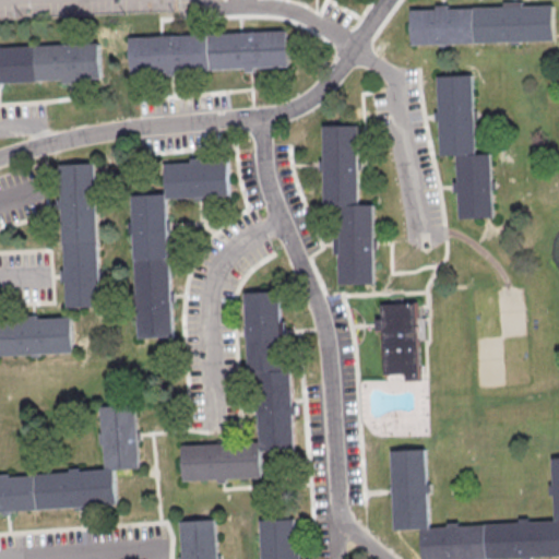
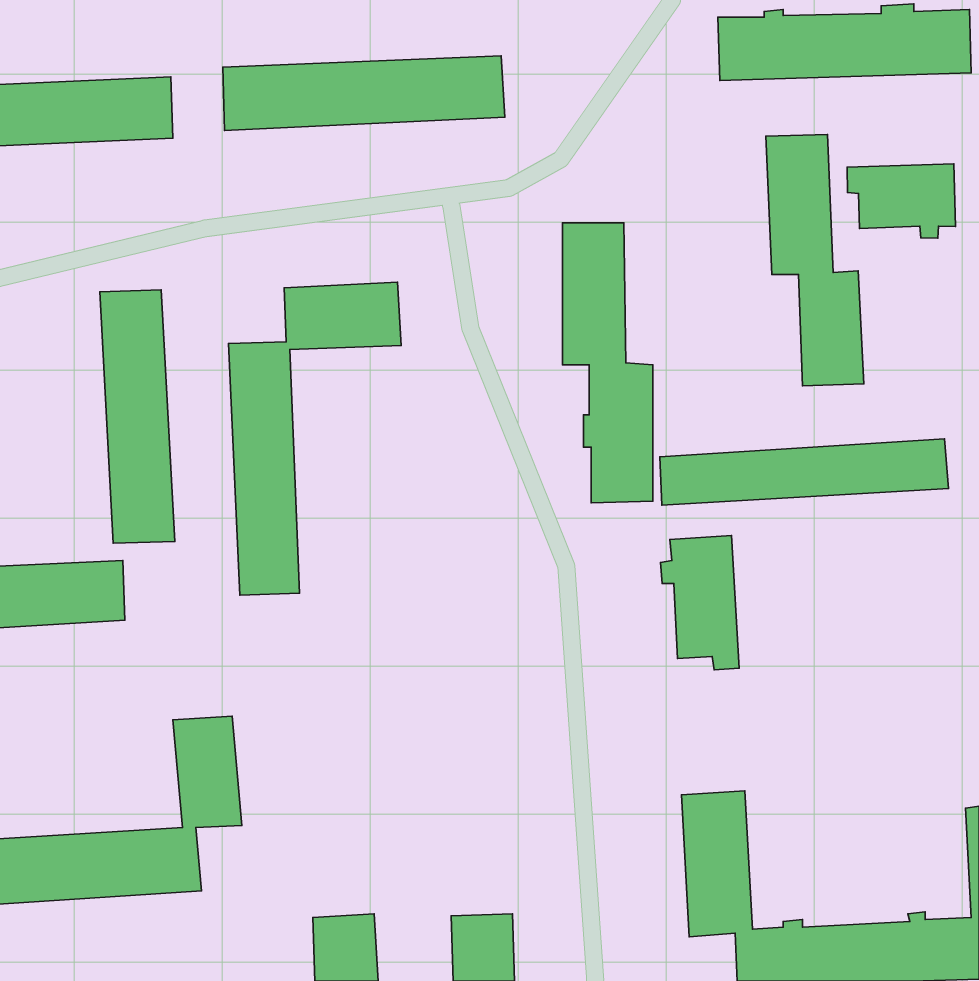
building: none -> [847,164,955,238]
building: none -> [660,439,949,505]
building: [179,293,293,483] -> none

